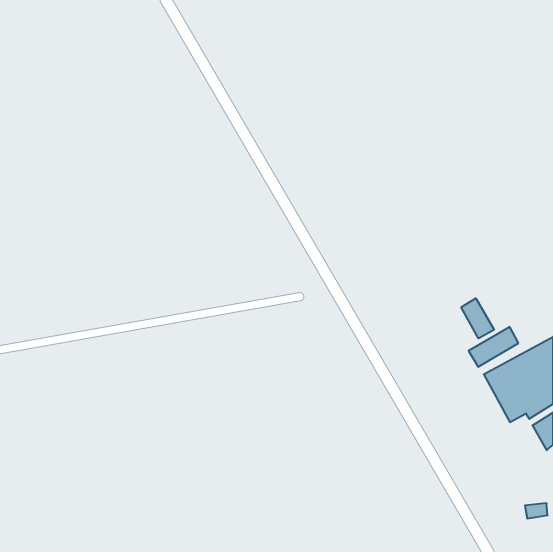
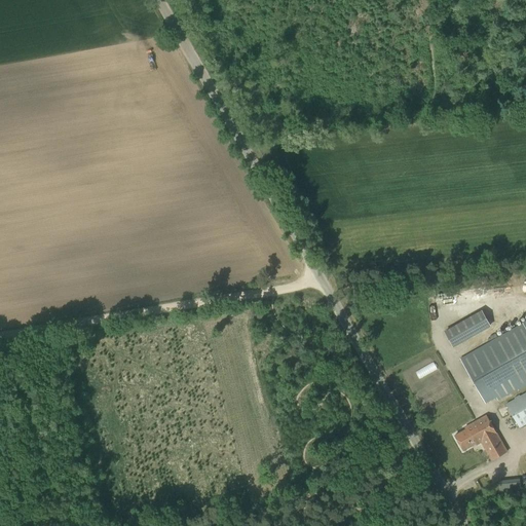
building: [461,298,494,338] -> none
building: none -> [455,415,508,460]

